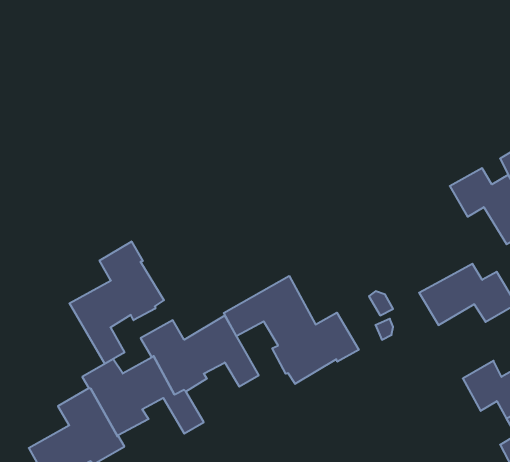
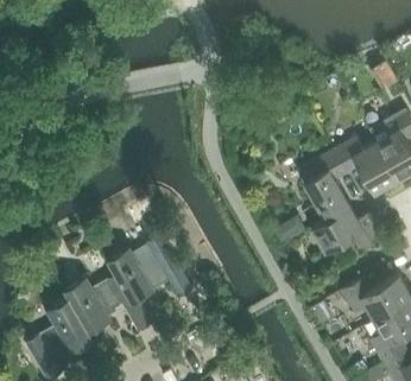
building: none -> [297,148,349,218]
building: [69,241,164,364] -> none
building: [224,276,359,384] -> none

